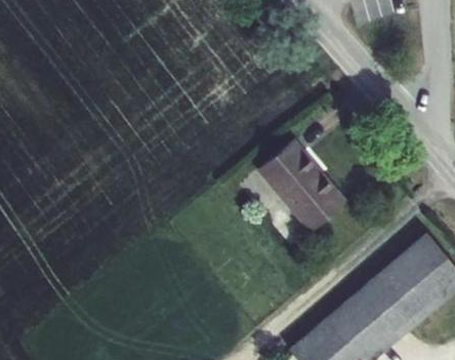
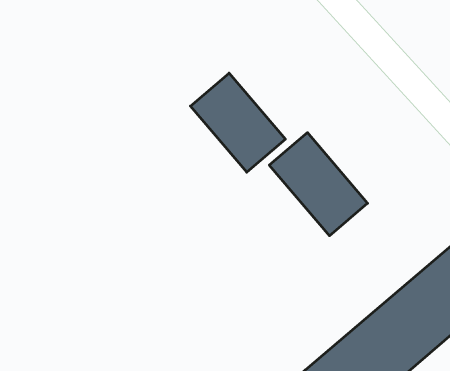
building: none -> [190,73,285,172]

